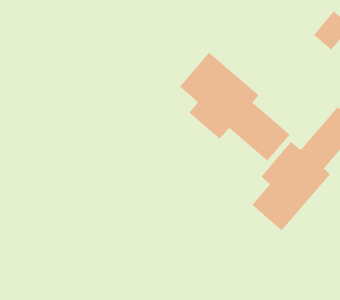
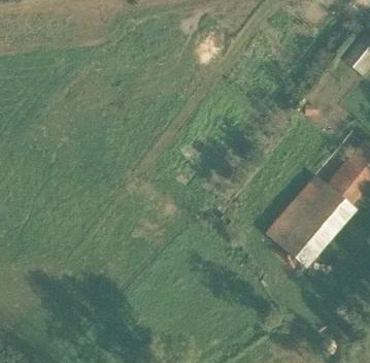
building: [179,52,290,162] -> none

